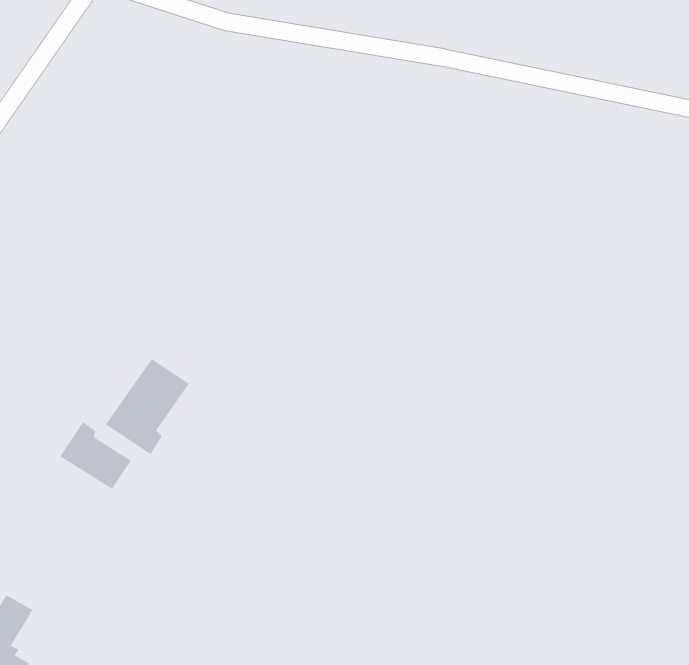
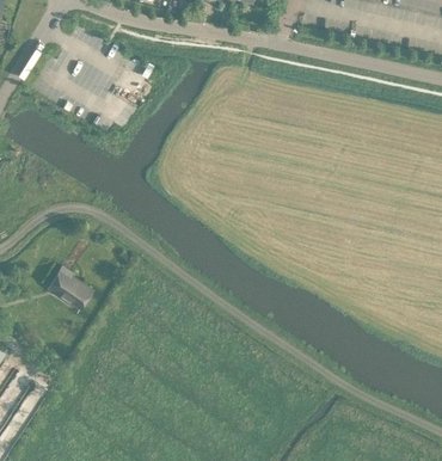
building: [105,358,190,455] -> none

